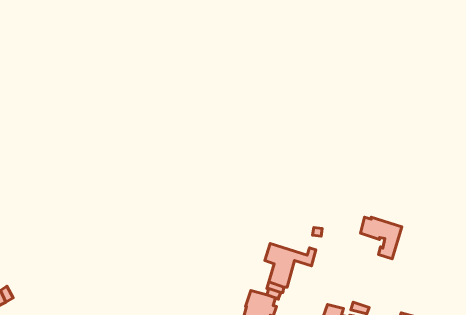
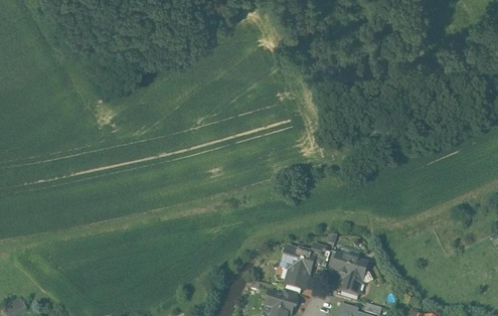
building: [360,217,402,259] -> [327,253,366,292]

